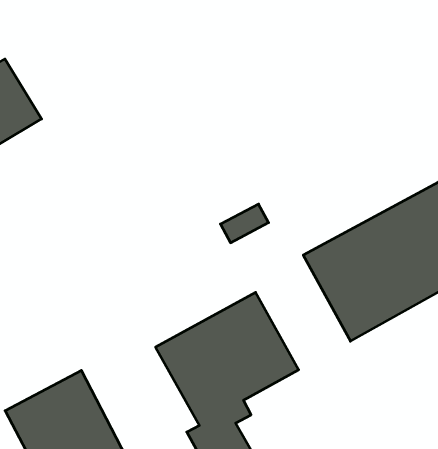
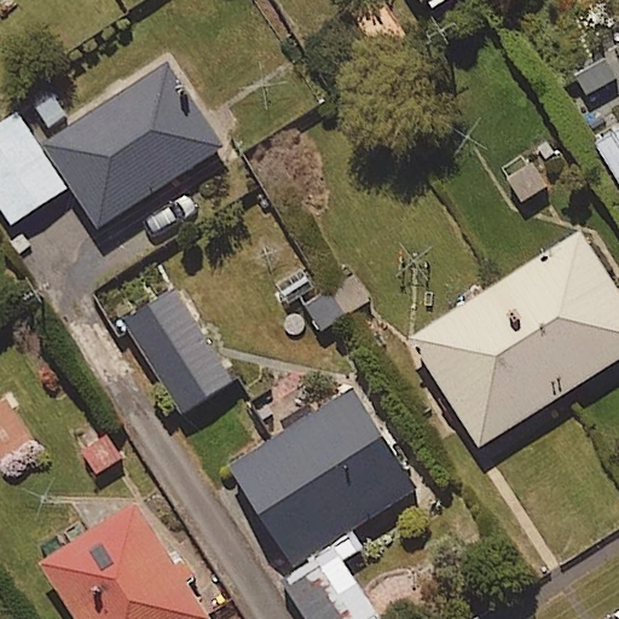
building: none -> [42,63,220,227]
building: none -> [123,291,231,412]

